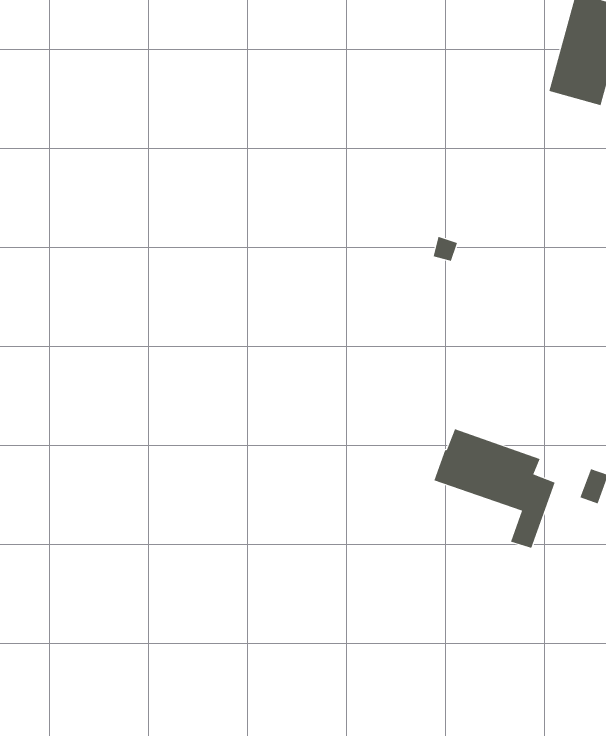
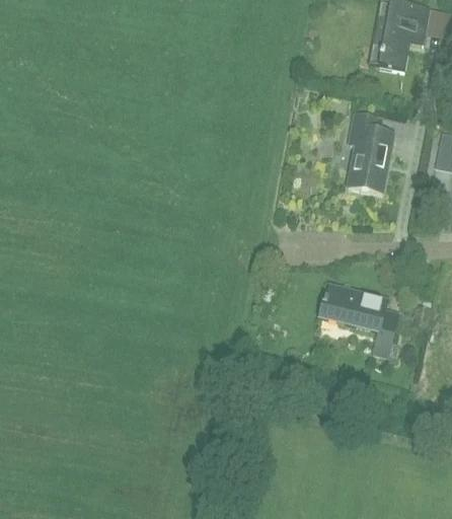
building: none -> [351,113,396,195]

